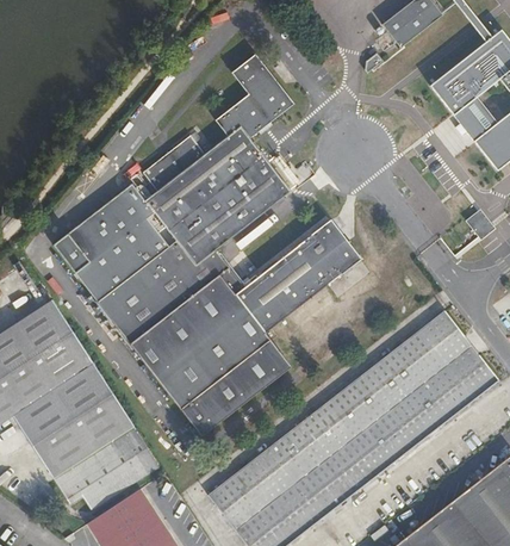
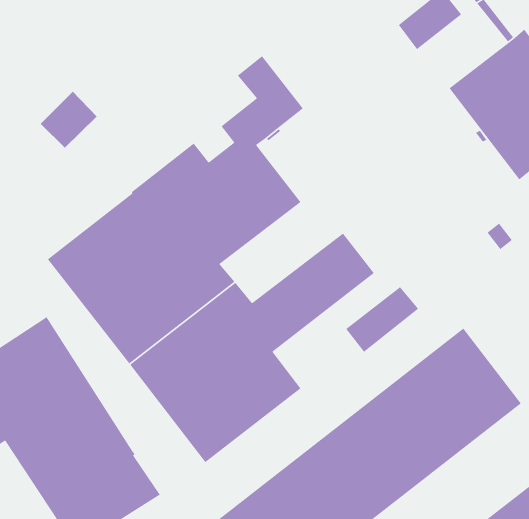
building: none -> [40,91,98,148]
building: none -> [345,286,419,353]

